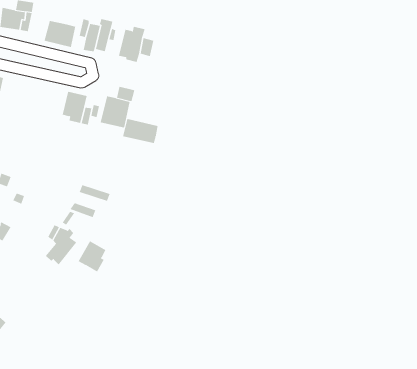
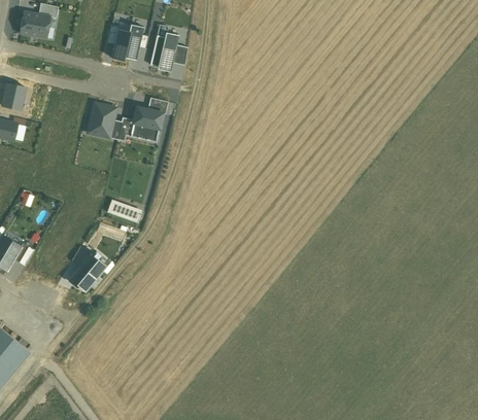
building: [44,20,76,48] -> none
building: [123,118,158,144] -> none
building: [78,241,106,272] -> none

